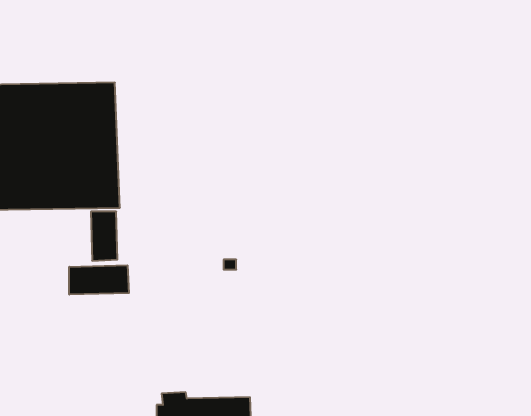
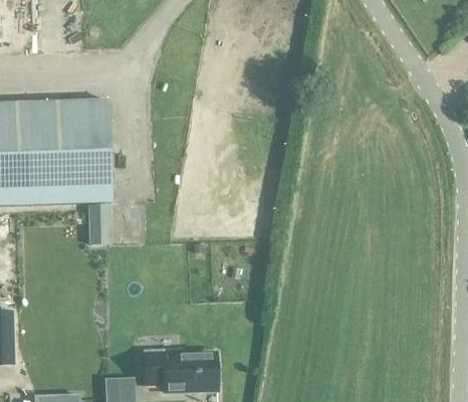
building: [69,265,129,295] -> none

